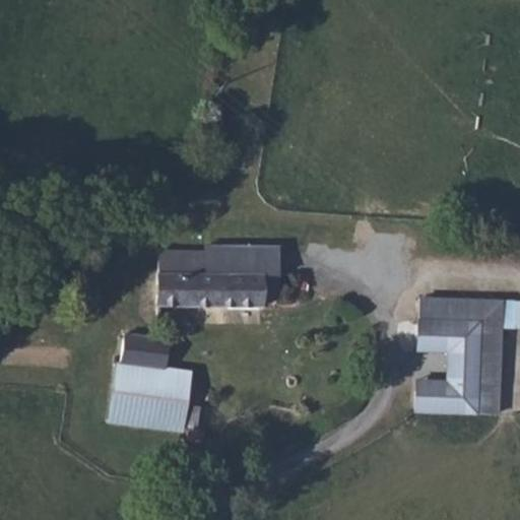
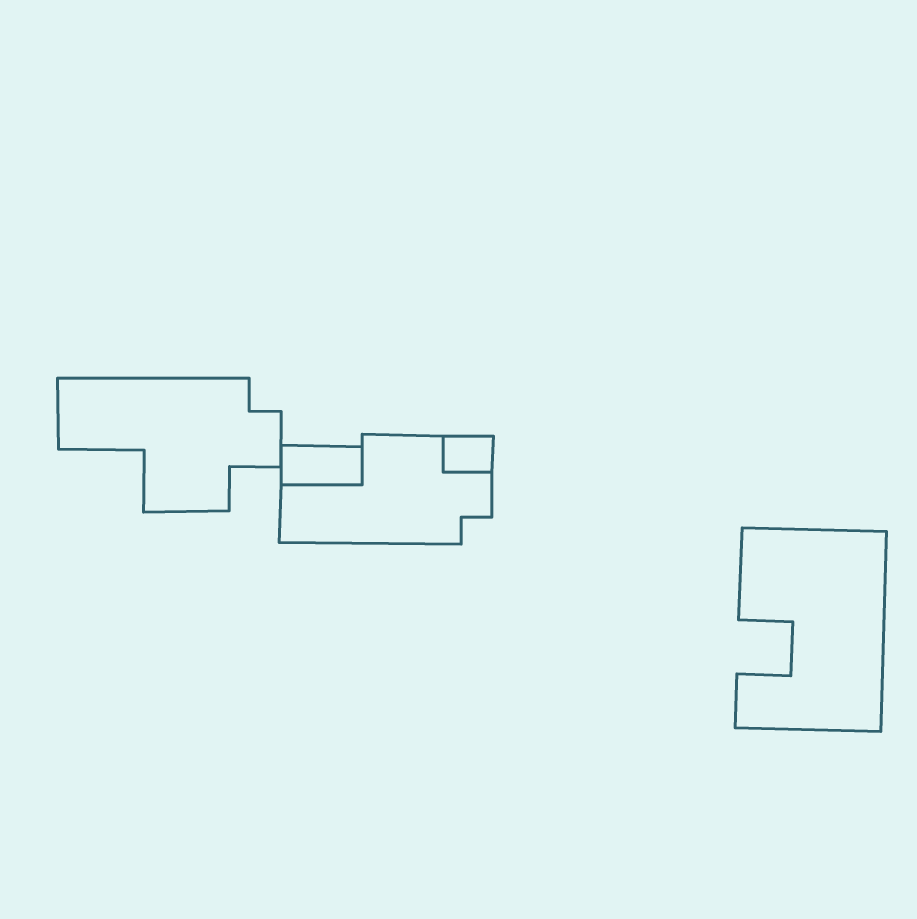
building: none -> [57,378,281,512]
building: [112,333,192,429] -> none

